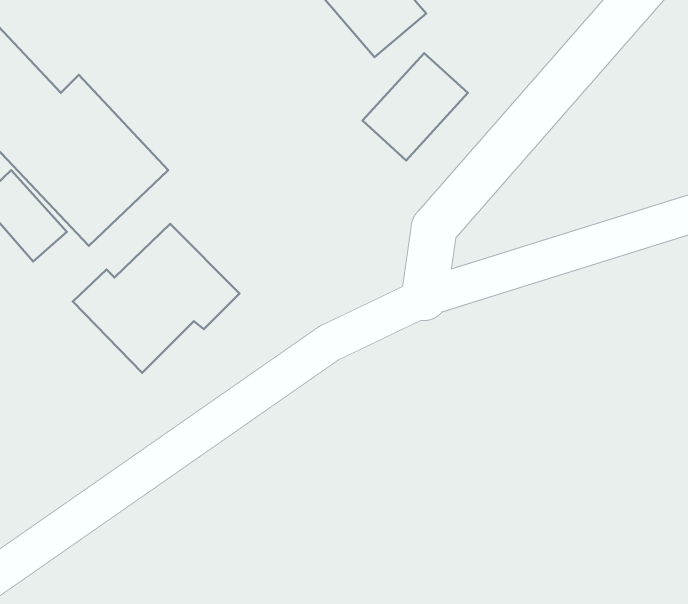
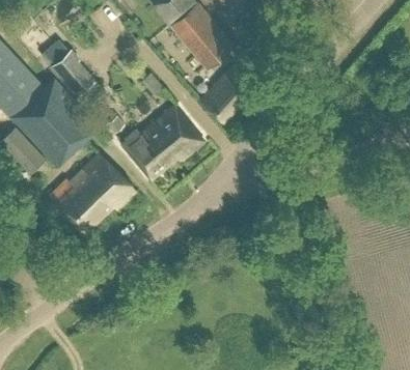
building: none -> [48,48,95,98]
building: none -> [120,106,203,178]

